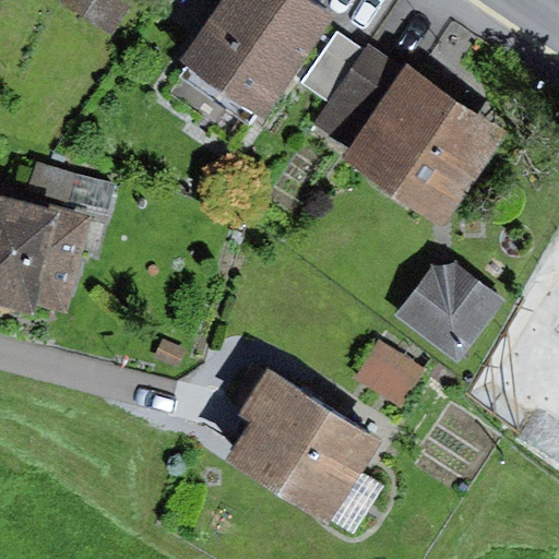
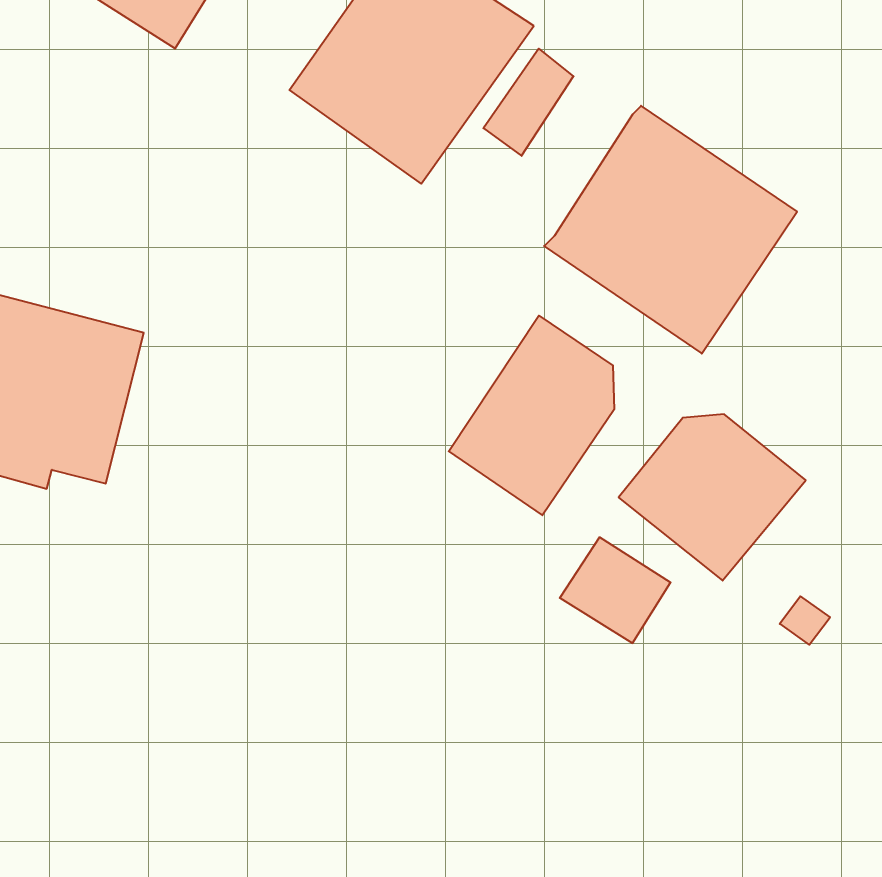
building: [312,48,399,148] -> none
building: none -> [449,316,614,515]
building: [226,371,381,526] -> none

